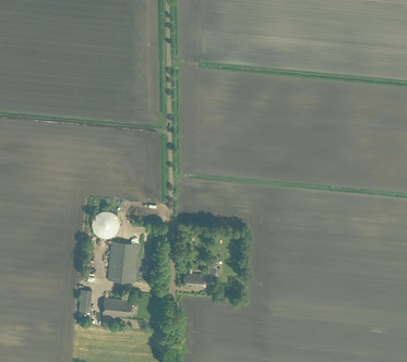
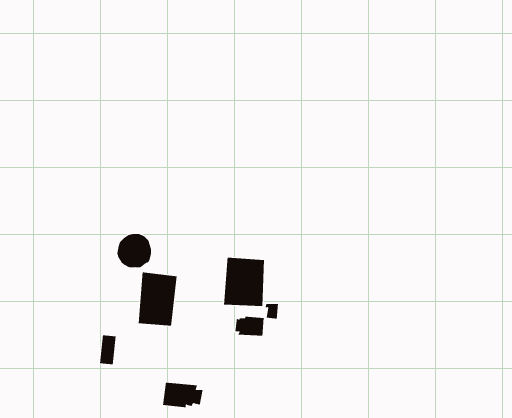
building: none -> [224,257,264,307]
building: [101,298,133,317] -> [162,382,204,408]

